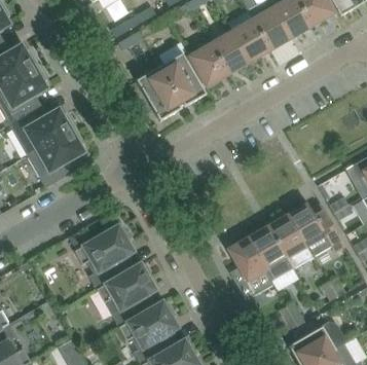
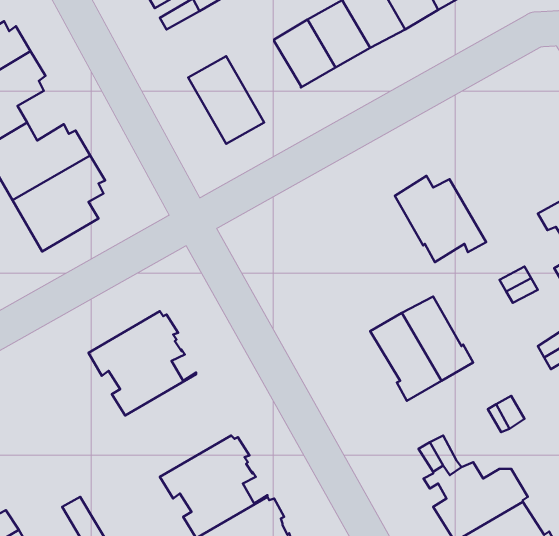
building: [159,43,206,107] -> none
building: [288,203,344,256] -> [395,176,486,262]
building: [229,236,273,299] -> none
building: [97,263,162,327] -> none

